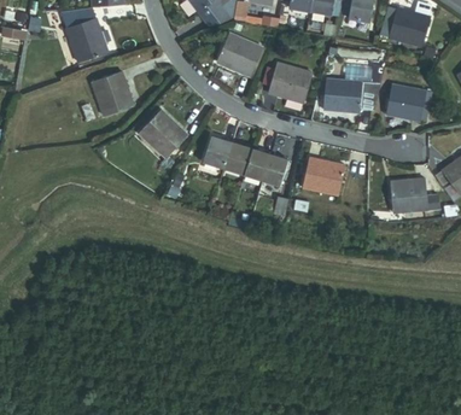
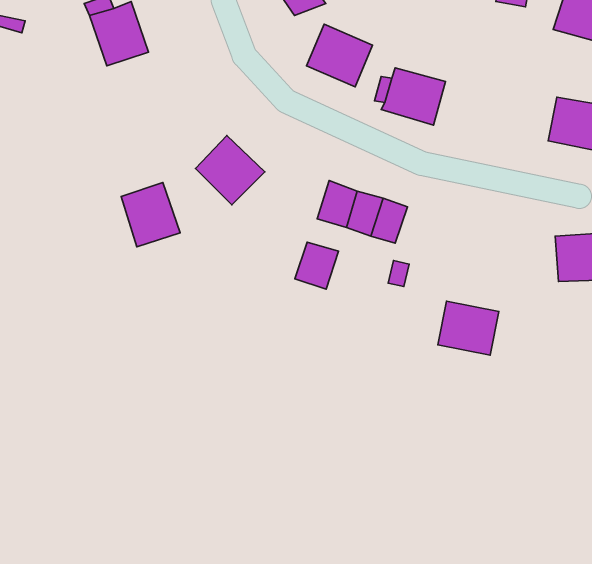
building: [93,71,134,116] -> [121,183,180,247]
building: [323,78,363,113] -> none
building: [203,135,233,168] -> [295,242,338,289]
building: [303,157,345,194] -> [438,301,499,355]

